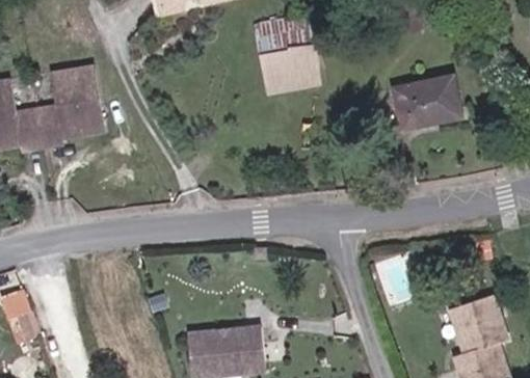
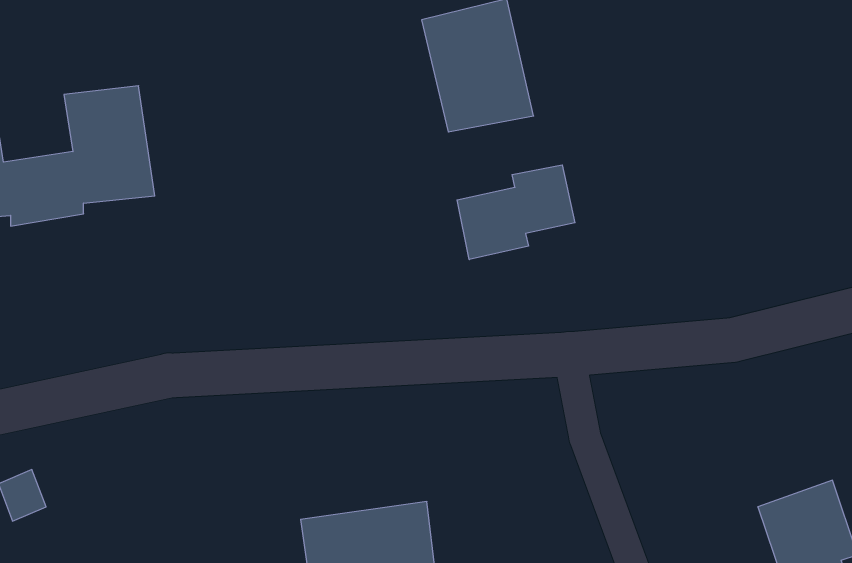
building: [393,75,456,131] -> none
building: none -> [457,165,575,260]

